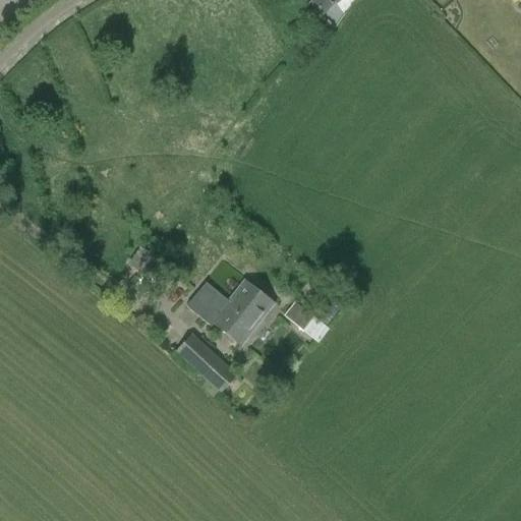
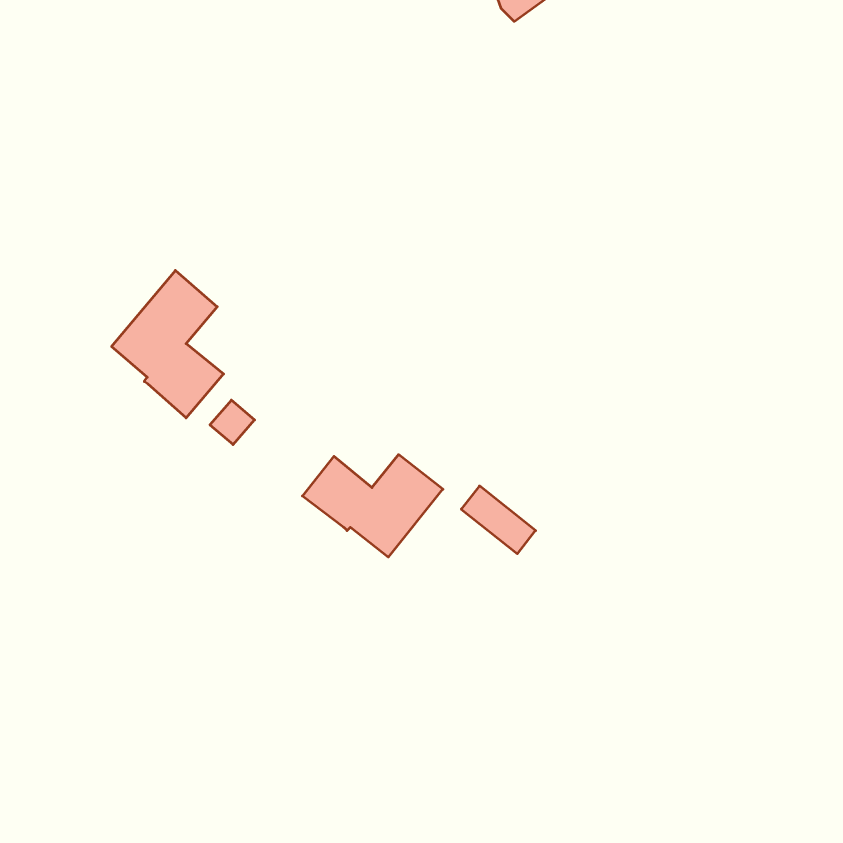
building: none -> [112,270,224,418]
building: [176,333,236,392] -> none

